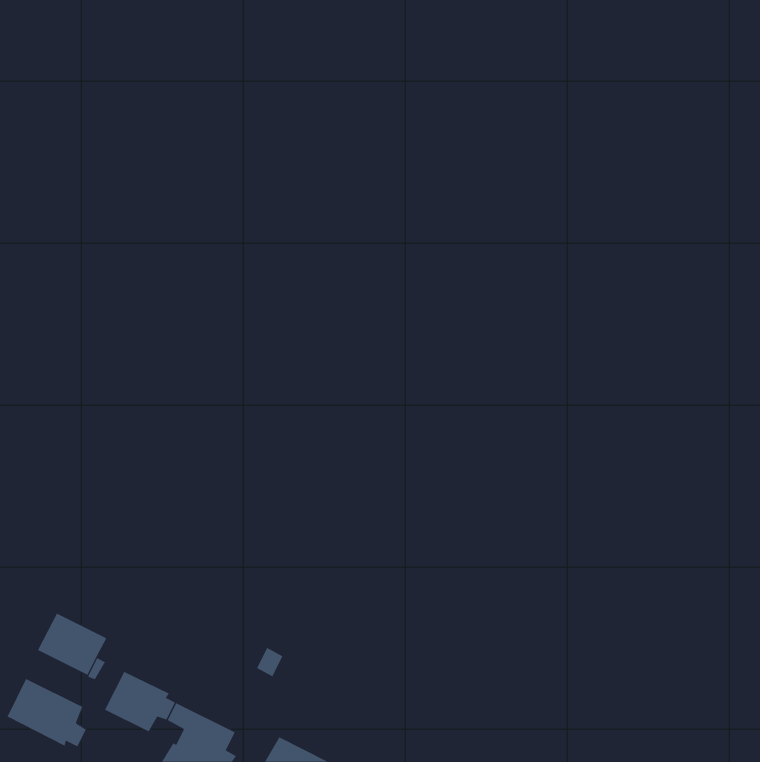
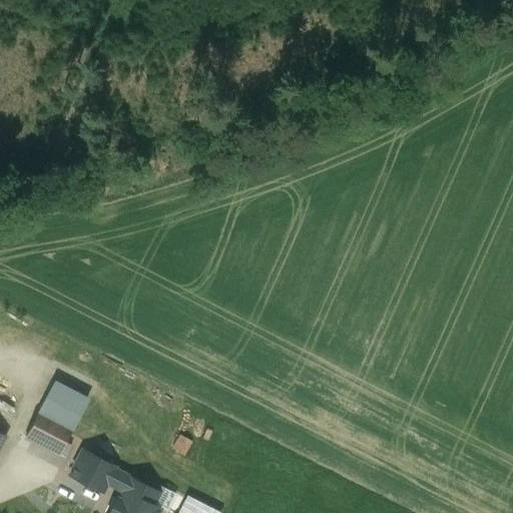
building: none -> [39,382,88,429]
building: [7,678,87,747] -> none

